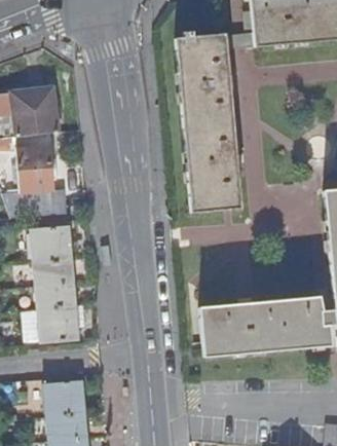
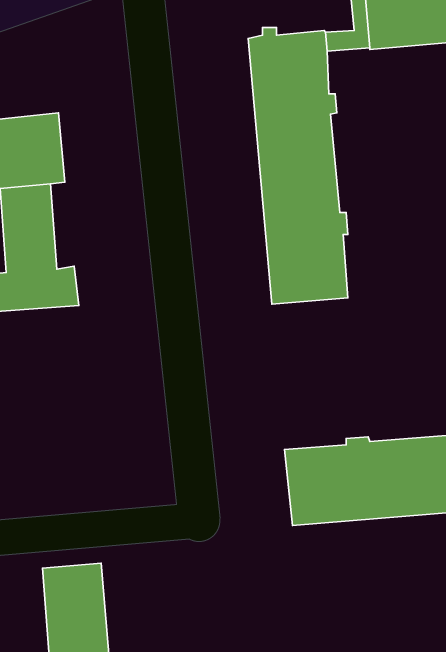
building: [30,225,78,342] -> none

